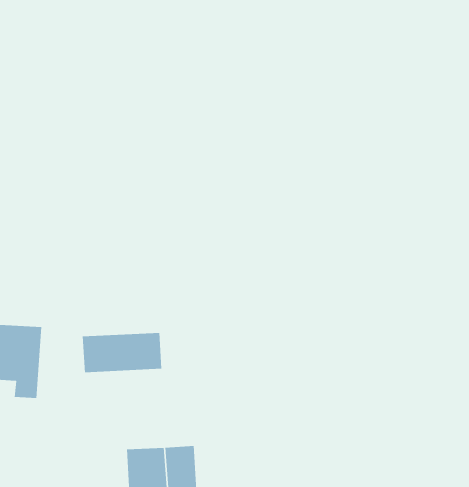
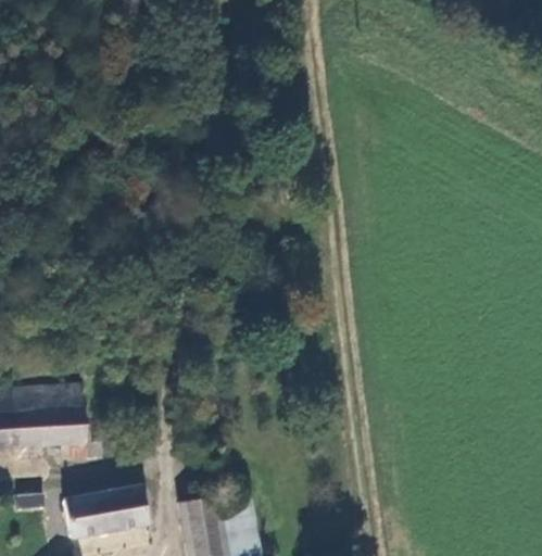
building: [82,332,162,373] -> [61,489,147,539]

